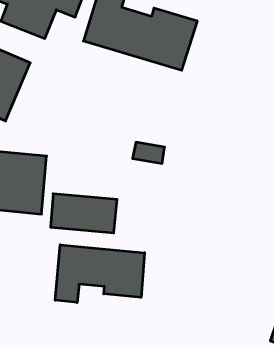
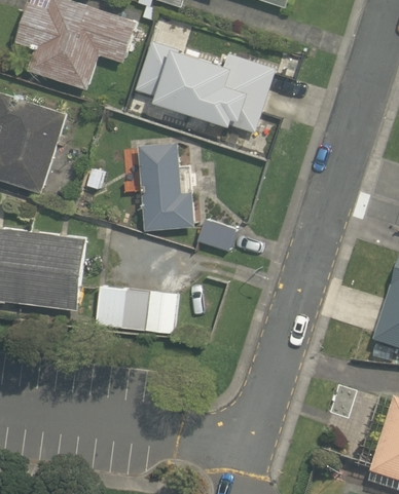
building: none -> [140,141,192,234]
building: [55,245,145,303] -> none

